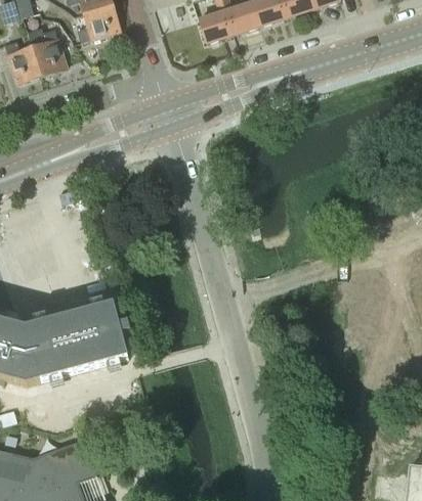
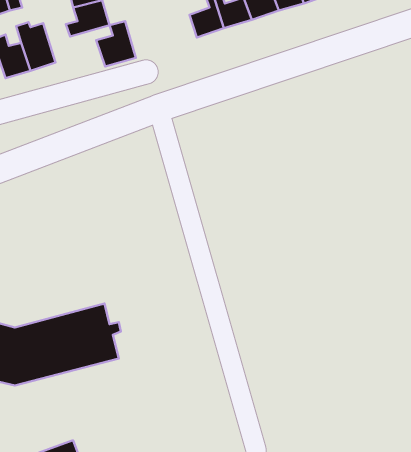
building: none -> [96,21,136,66]

